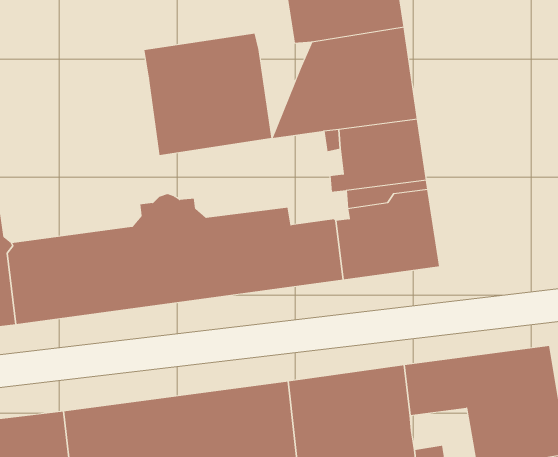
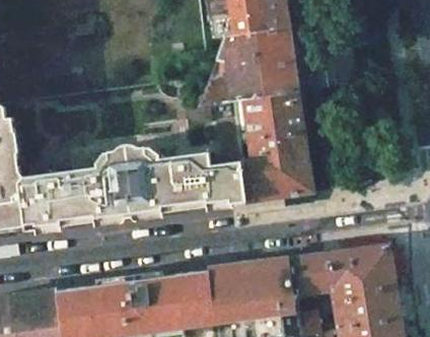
building: [144,33,272,156] -> none

